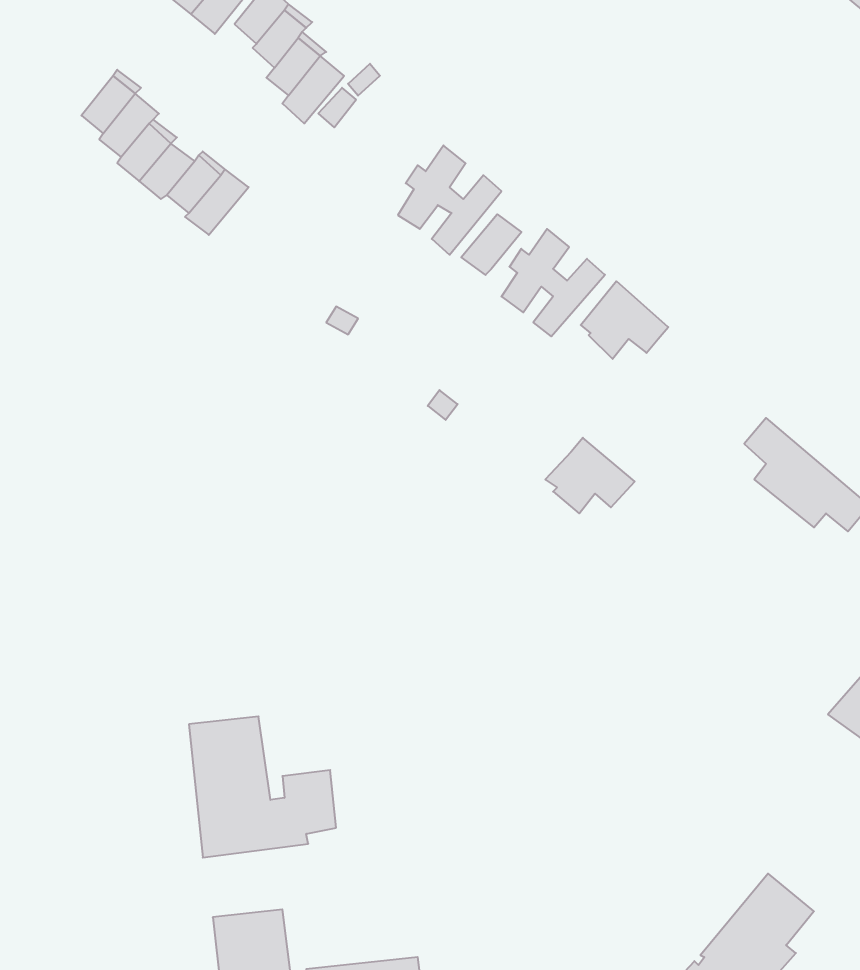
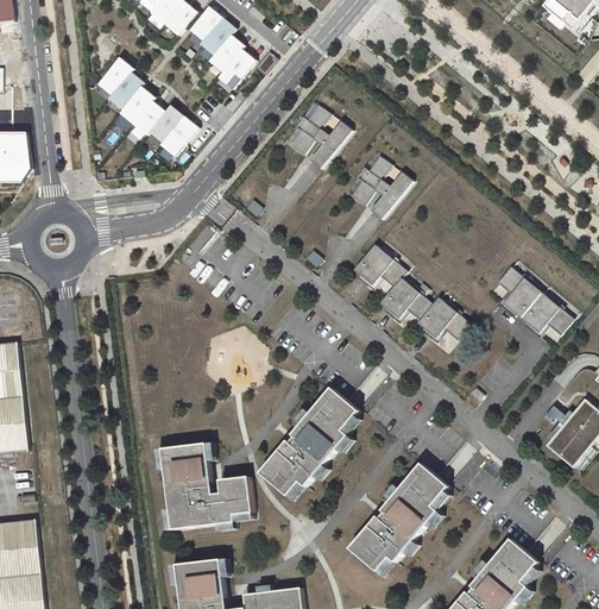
building: [461,214,521,275] -> none
building: [581,281,668,359] -> [352,243,404,289]
building: none -> [414,295,467,341]
building: none -> [259,388,357,495]
building: none -> [348,463,447,570]

